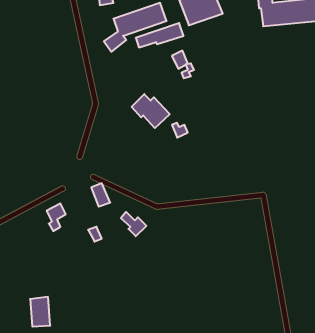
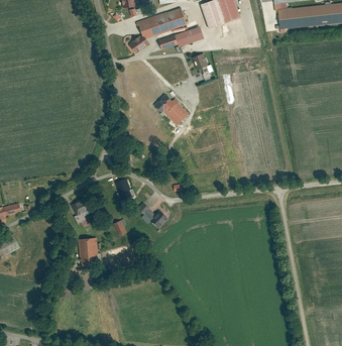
building: [30,297,50,327] -> [78,237,97,265]

